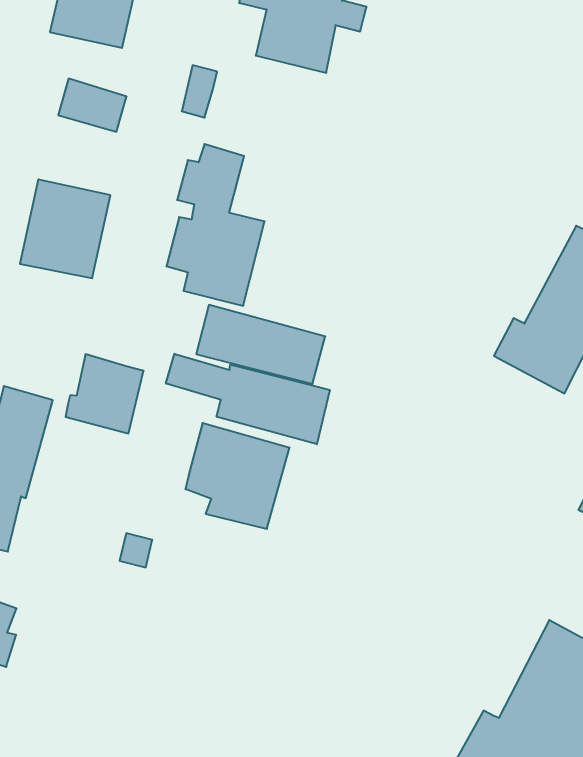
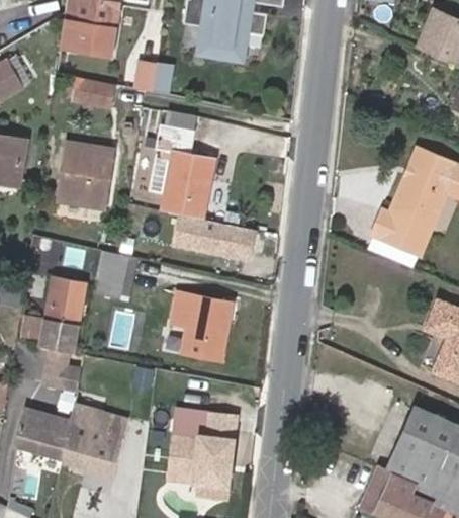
building: [166,354,330,444] -> none
building: none -> [64,404,125,471]
building: none -> [169,410,238,499]

